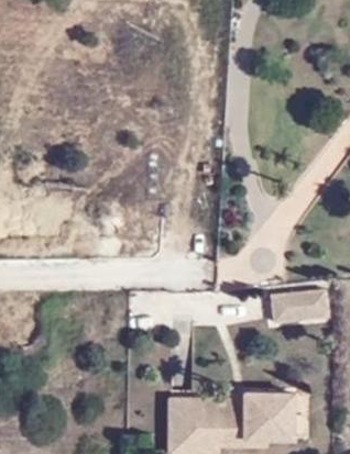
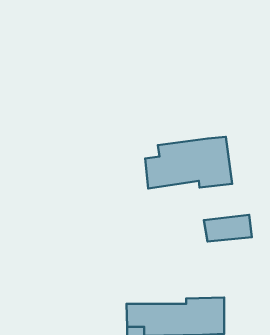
building: none -> [145,137,232,188]

